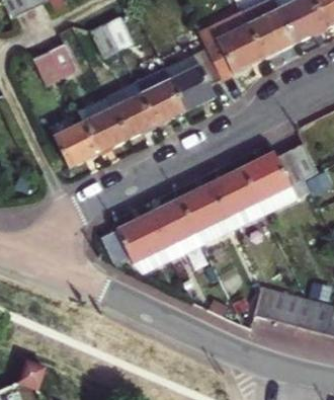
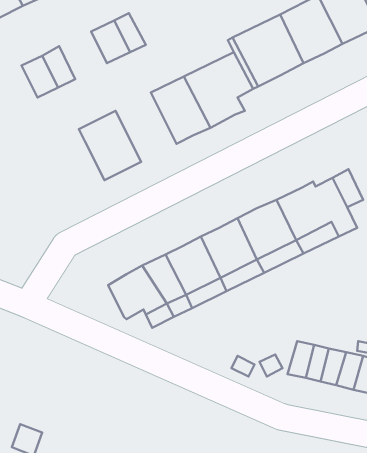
building: [108,80,159,138] -> none
building: [55,121,99,167] -> none

